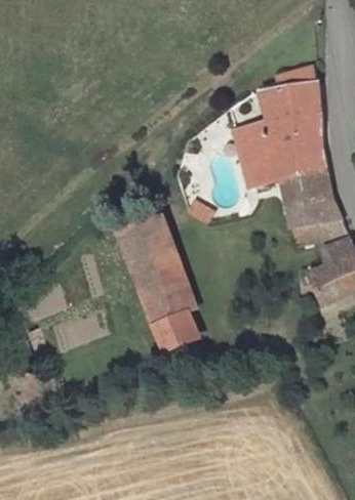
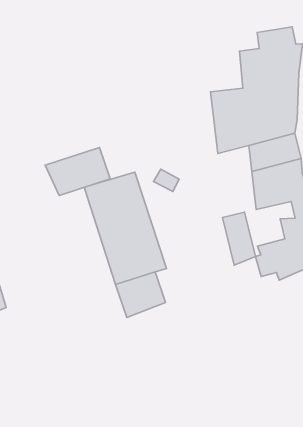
building: none -> [45,147,110,195]
building: none -> [222,212,255,265]

